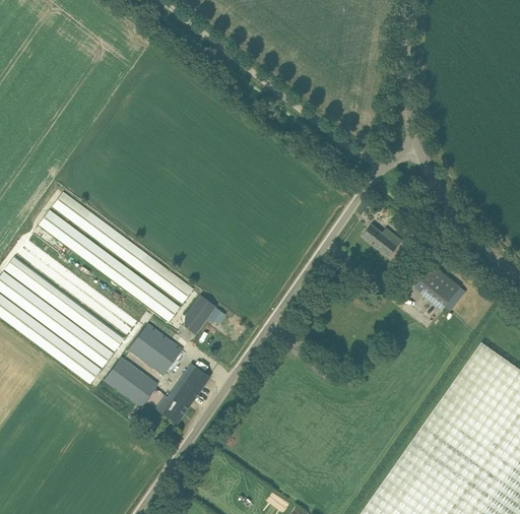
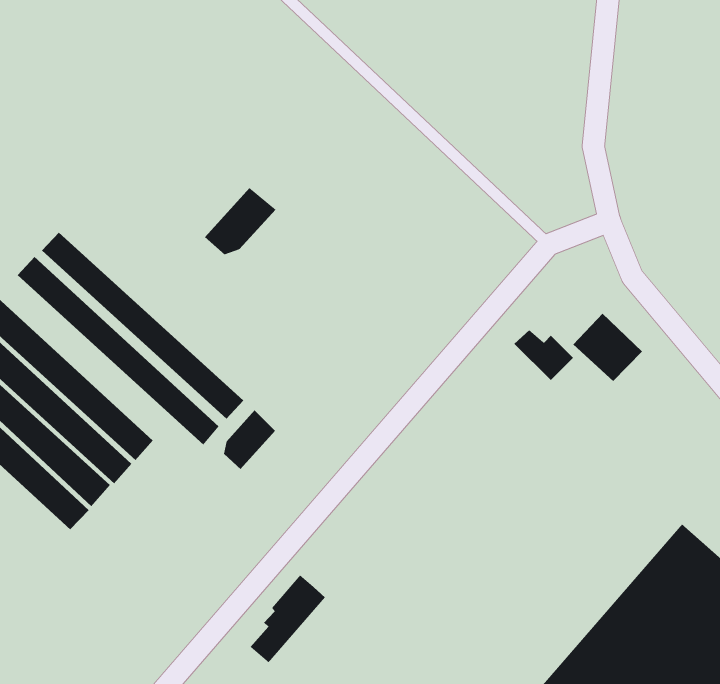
building: none -> [204,187,277,255]
building: [414,265,460,309] -> [573,313,643,382]
building: [128,324,182,376] -> none
building: [103,356,158,407] -> none
building: [164,364,209,423] -> [250,574,326,663]

